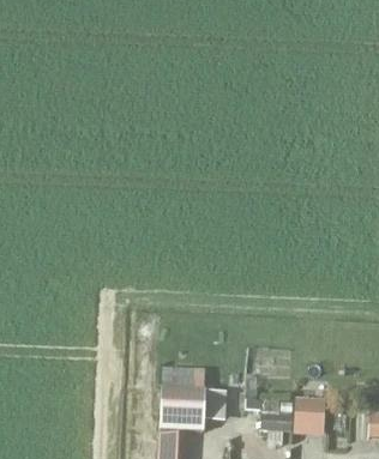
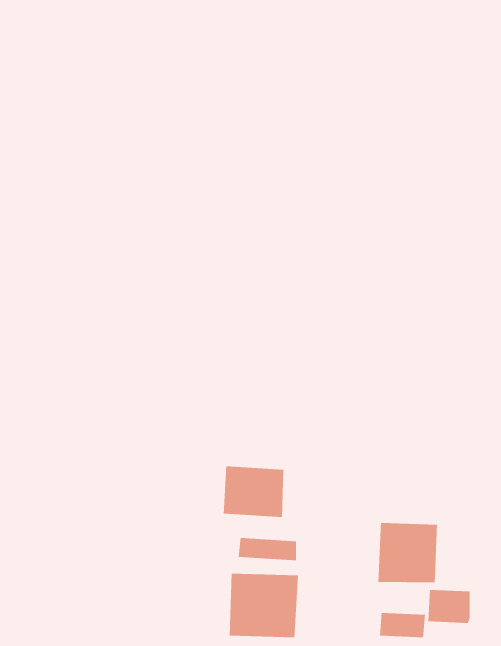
building: none -> [223,466,284,518]
building: none -> [378,522,438,583]

